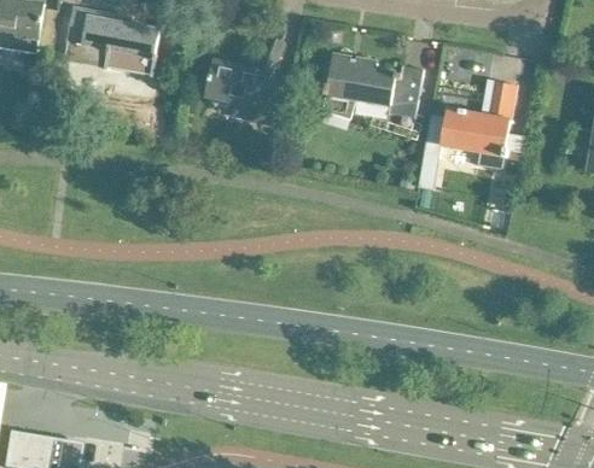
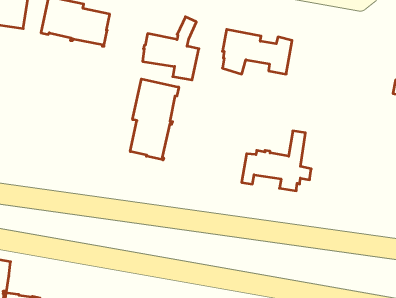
building: [424,80,524,165] -> [242,131,311,191]
building: none -> [130,79,179,160]

